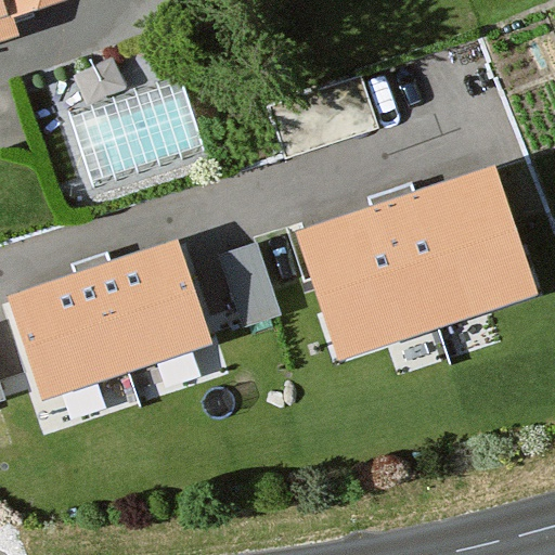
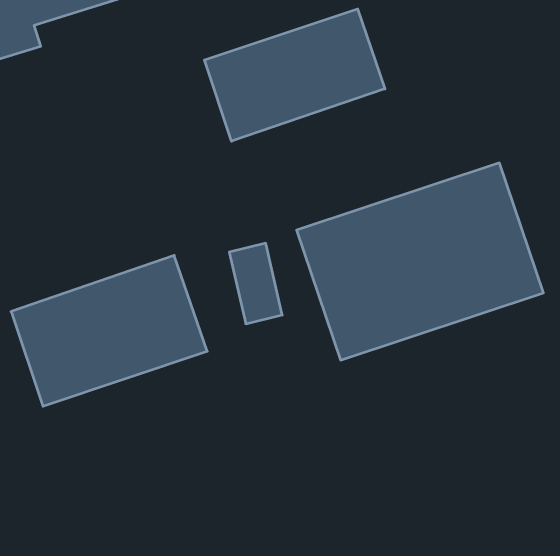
building: none -> [204,9,385,141]
building: [67,81,207,191] -> none

